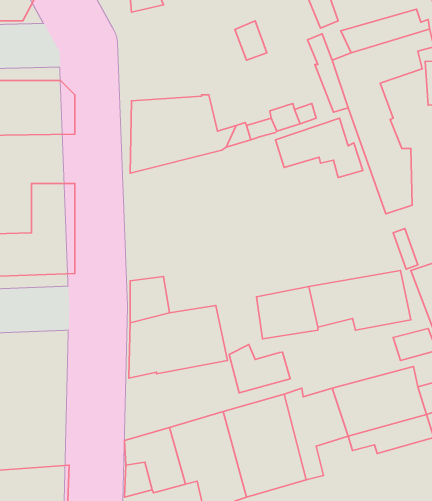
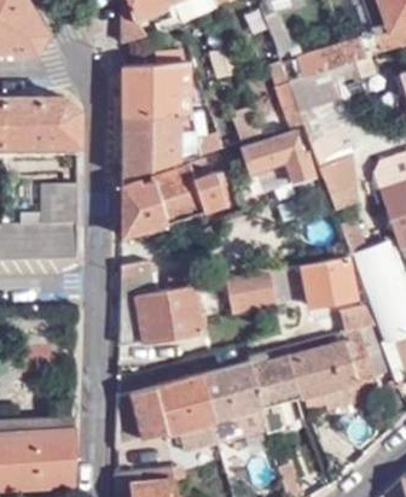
building: none -> [123,53,190,116]
building: none -> [122,160,227,236]
building: [229,345,290,393] -> none

